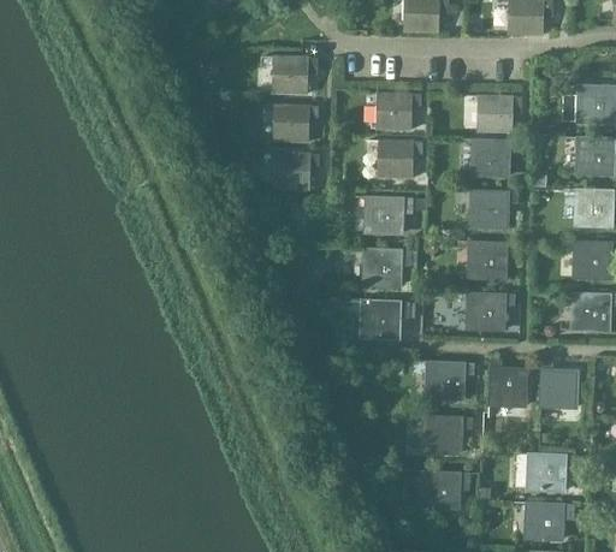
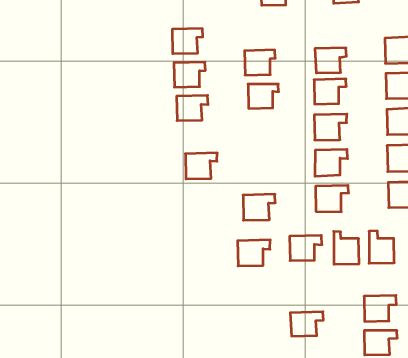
building: [367,197,414,233] -> none
building: [365,249,411,286] -> [185,153,217,179]
building: [424,416,472,453] -> [238,240,270,266]

